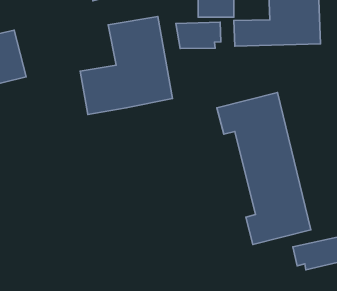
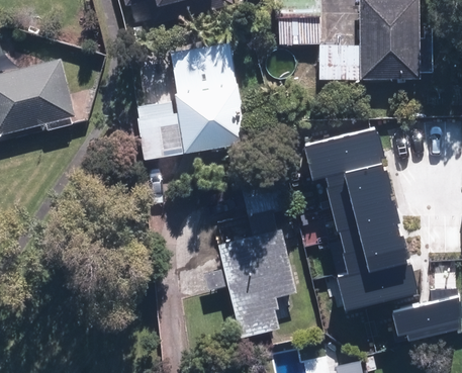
building: [176,22,221,48] -> none
building: none -> [222,228,297,332]

